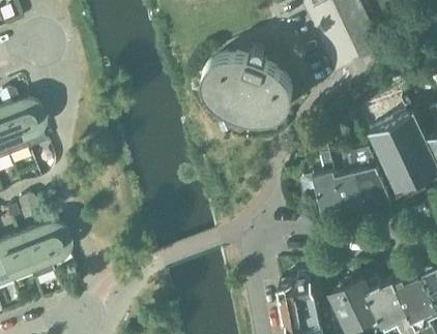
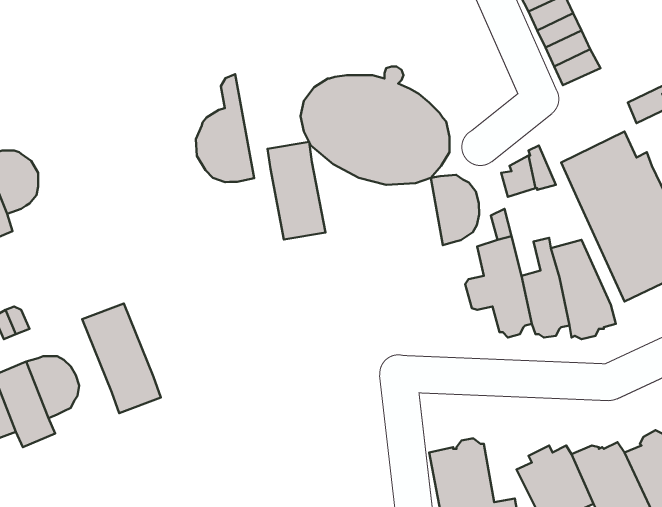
building: none -> [196,74,254,182]
building: none -> [267,142,326,239]
building: none -> [431,175,479,245]
building: none -> [82,304,161,413]

